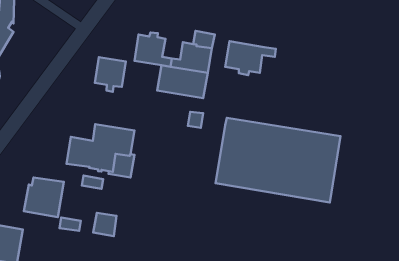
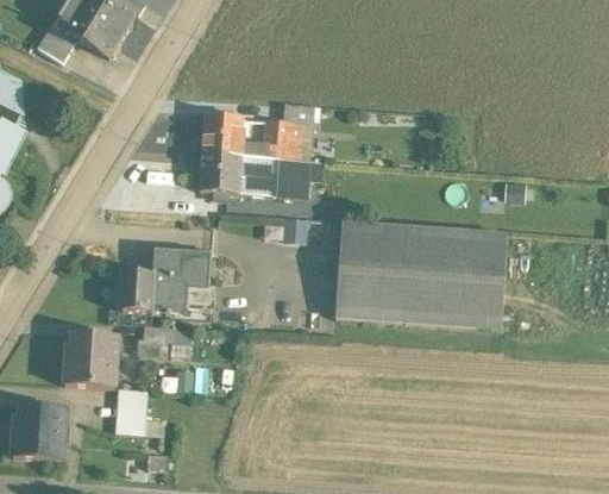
building: [225,41,276,75] -> none
building: [95,57,126,92] -> [199,151,240,199]
building: [93,213,116,236] -> [114,401,145,432]

